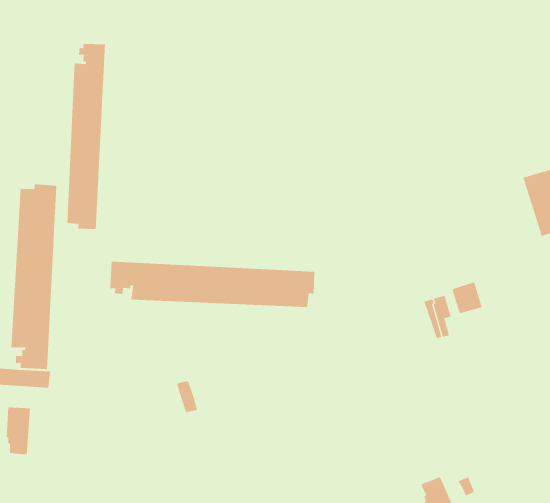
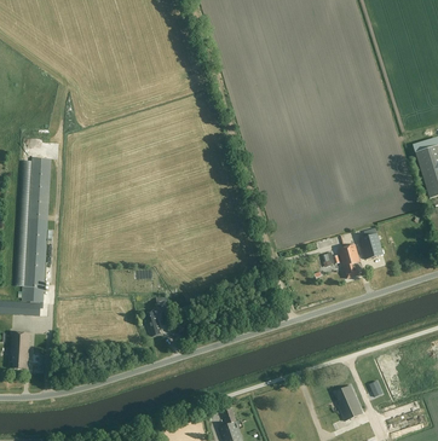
building: [67,43,106,230] -> none
building: [110,261,315,308] -> none

